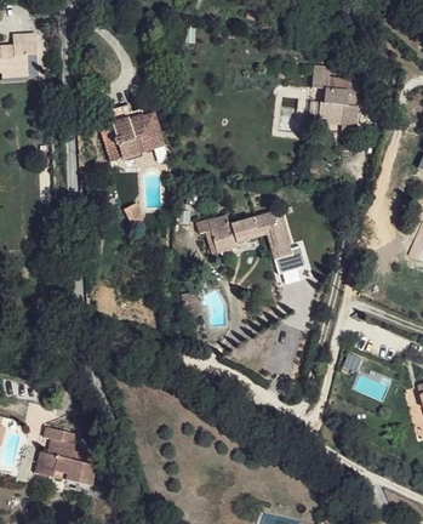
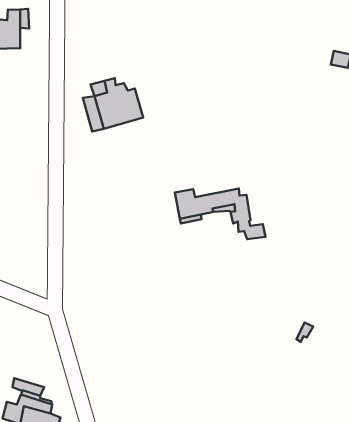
building: [307,62,358,133] -> none

